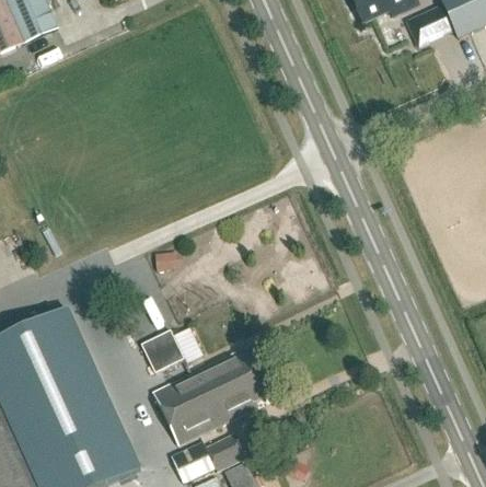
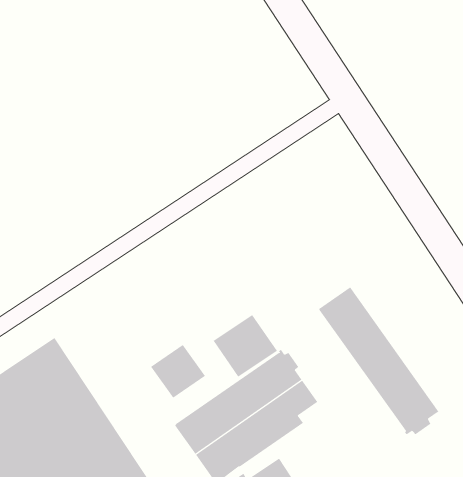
building: none -> [319,286,439,435]
building: none -> [213,314,278,378]

